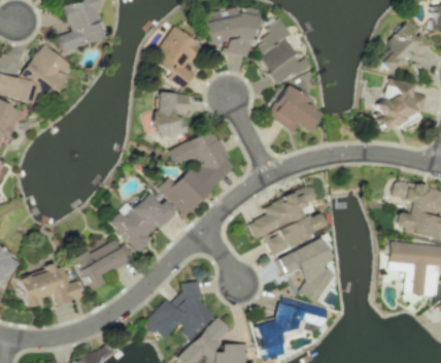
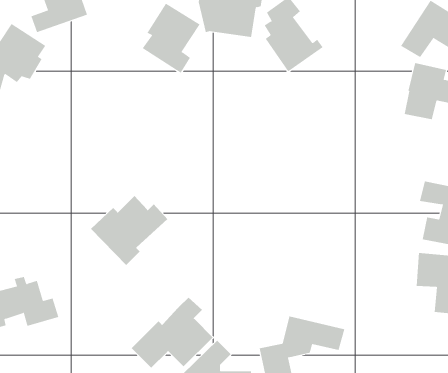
building: [269,85,325,131] -> none
building: [148,92,190,136] -> none
building: [158,129,235,214] -> none
building: [249,183,328,254] -> none
building: [277,237,334,302] -> none
building: [73,239,133,291] -> none

